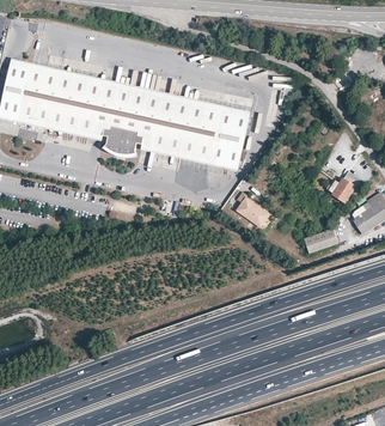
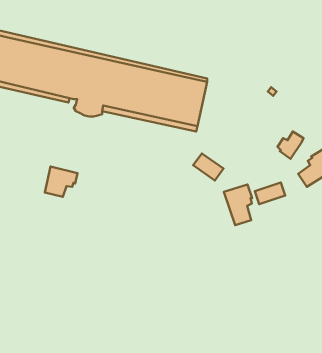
building: none -> [45,167,77,197]
building: none -> [224,184,252,225]

